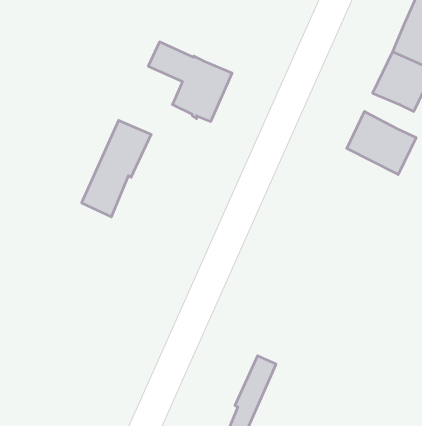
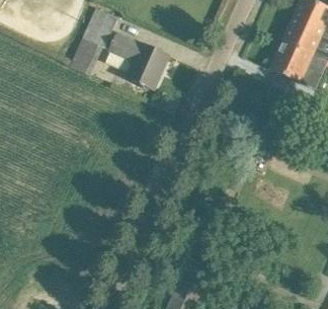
building: [347,111,416,175] -> none
building: [82,120,151,217] -> [70,6,119,75]

